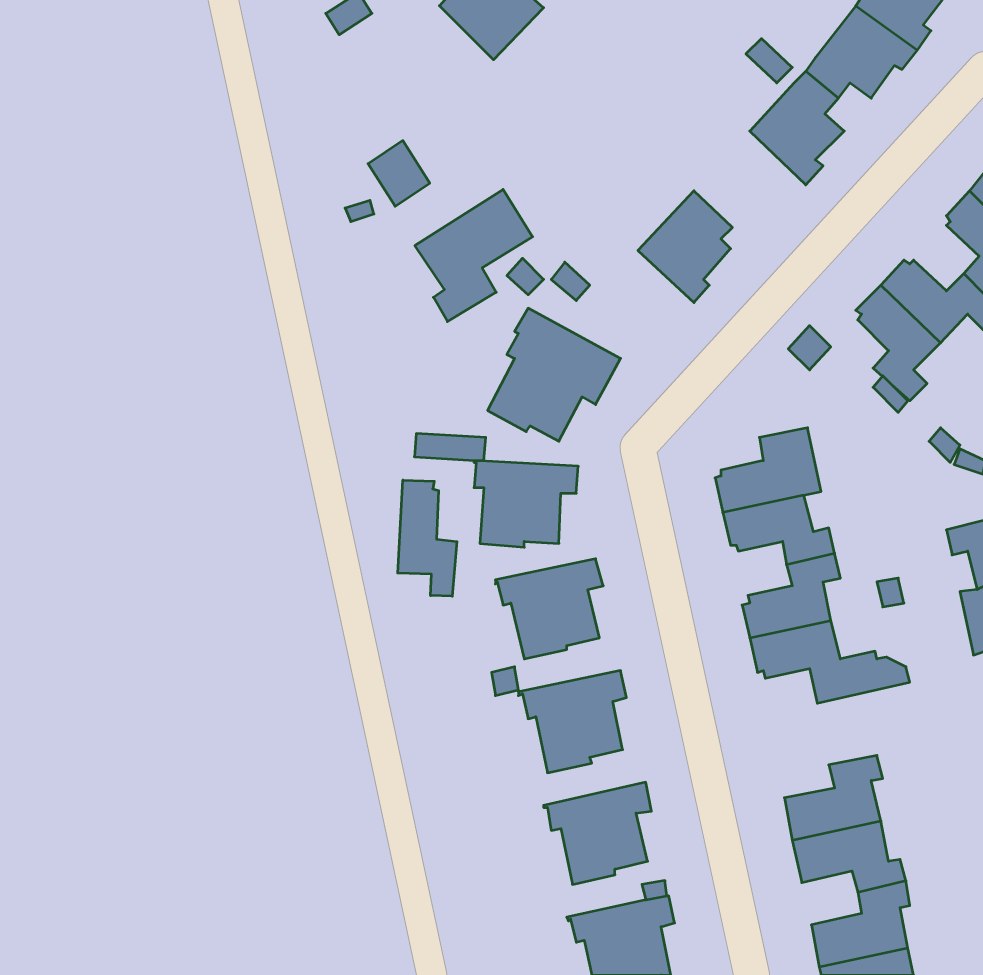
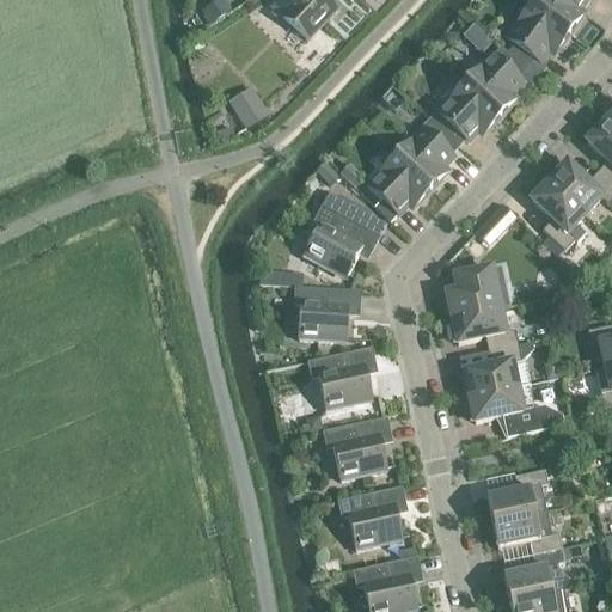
building: none -> [439,81,501,140]
building: [415,189,533,322] -> none
building: none -> [368,155,432,214]
building: [398,480,457,596] -> none

